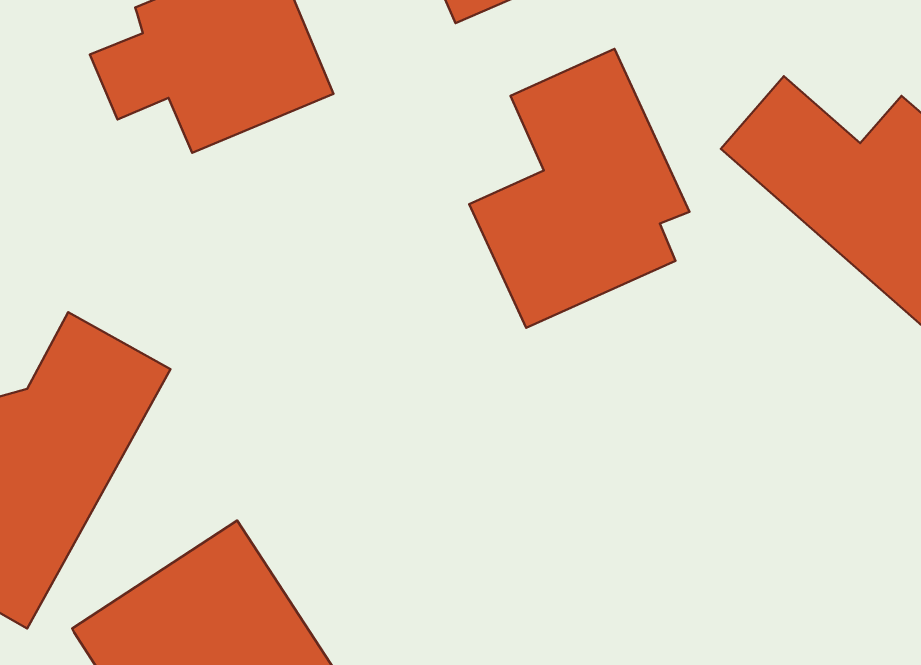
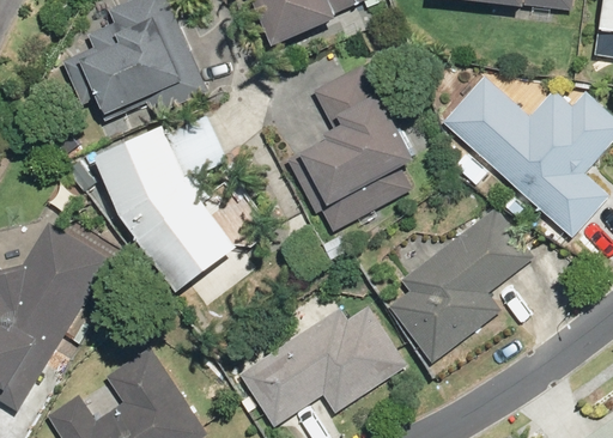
building: none -> [103,127,248,288]
building: none -> [390,209,530,365]
building: none -> [241,305,406,427]

